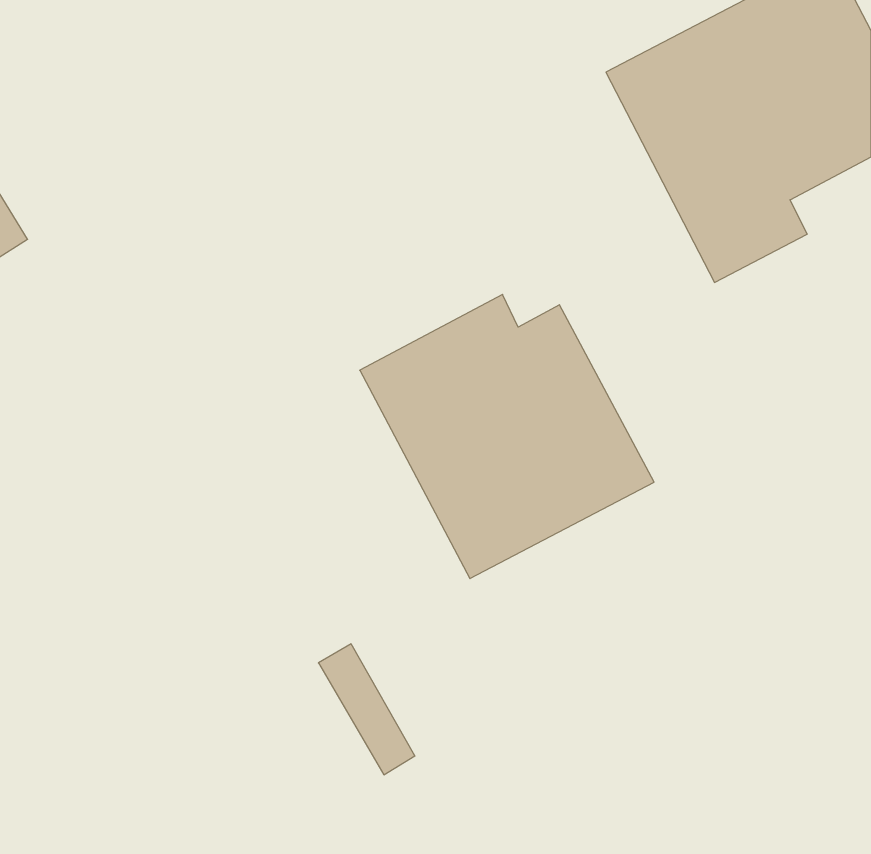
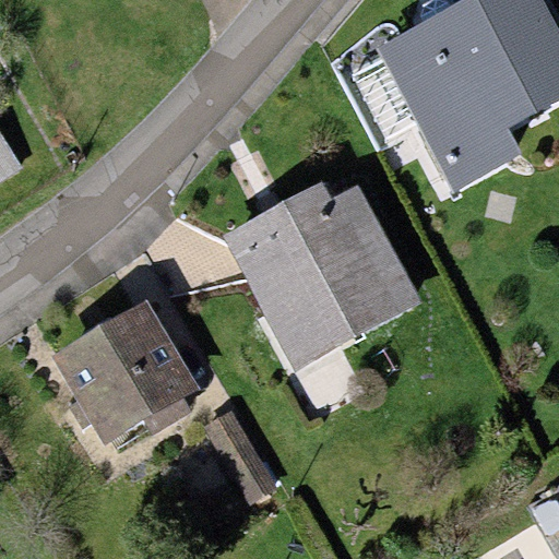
building: none -> [57,310,191,441]

